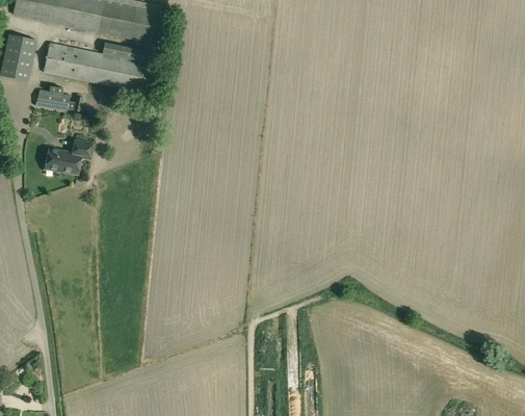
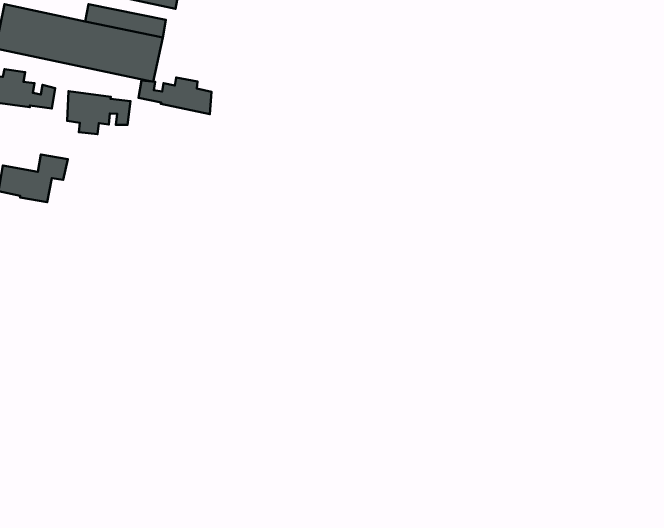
building: none -> [138,77,211,114]
building: none -> [67,91,130,134]

